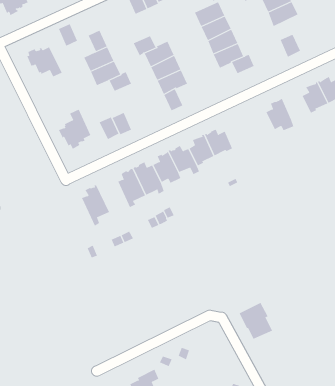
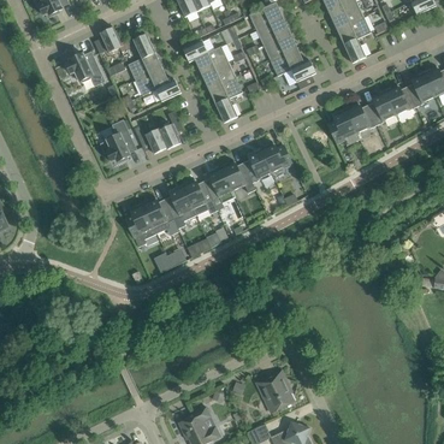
building: none -> [336,17,371,45]
building: none -> [345,102,377,132]
building: none -> [142,197,179,236]
building: [239,302,273,340] -> [256,371,294,412]

